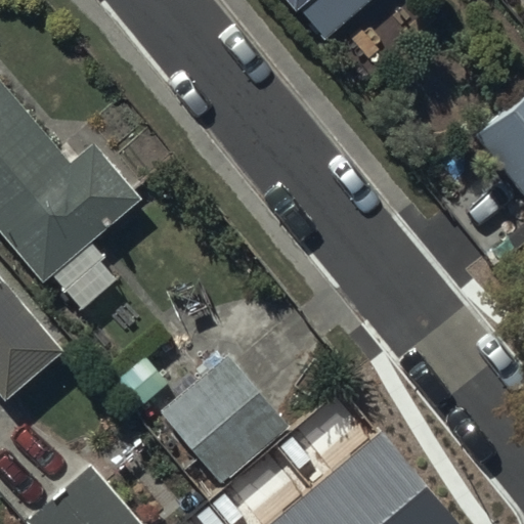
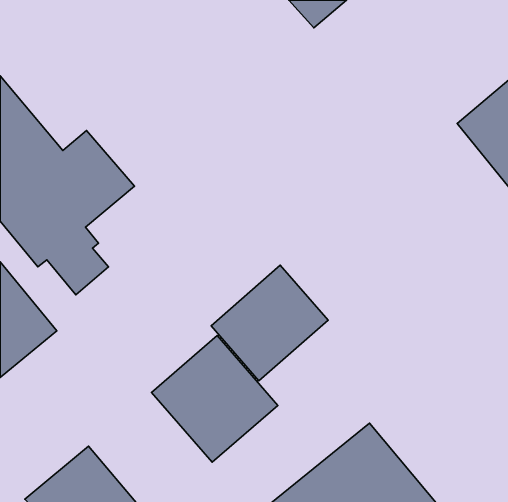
building: none -> [211,265,328,381]

